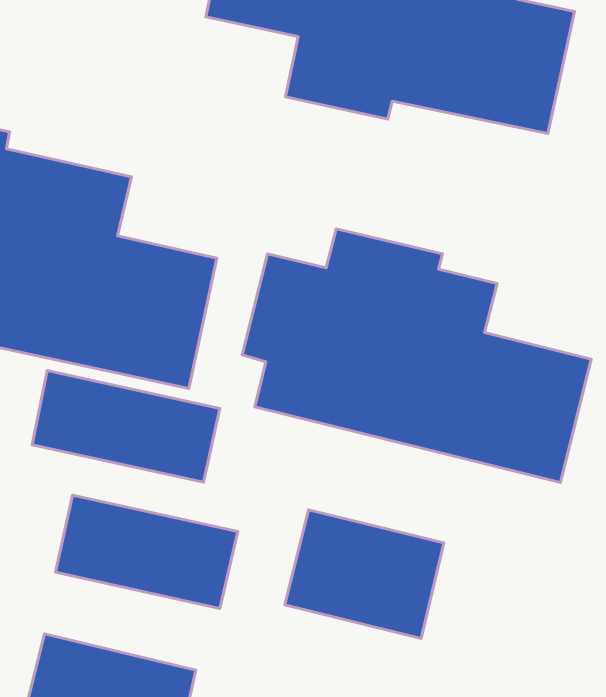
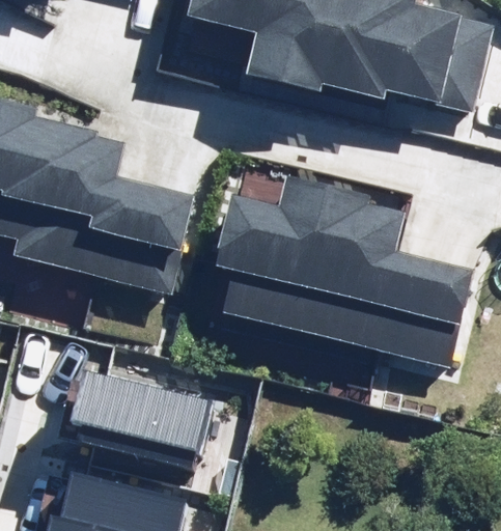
building: [32,370,220,482] -> none
building: [285,510,444,639] -> none

